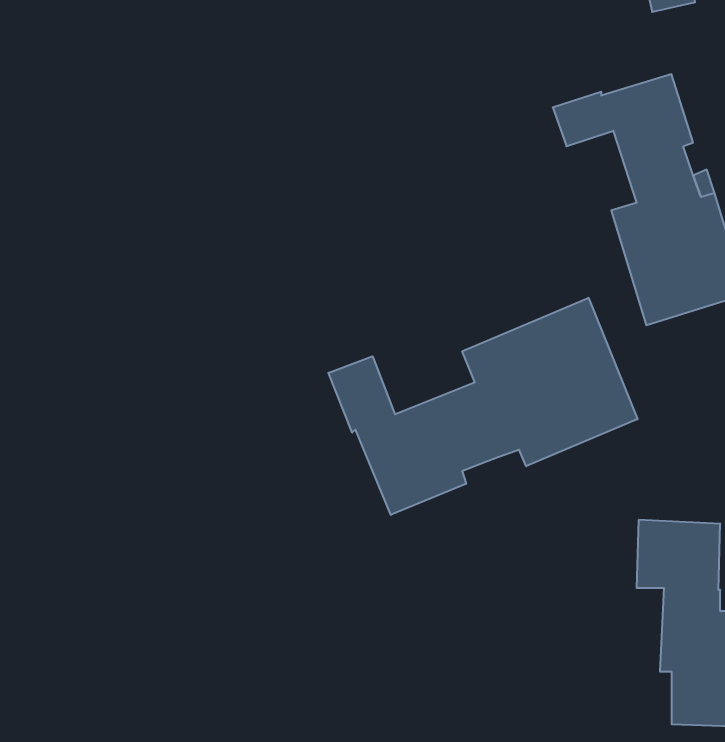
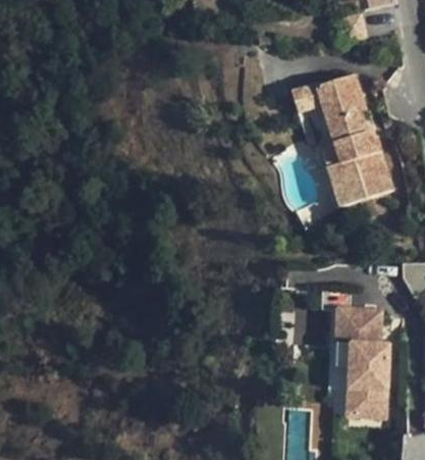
building: [328,298,638,515] -> none

